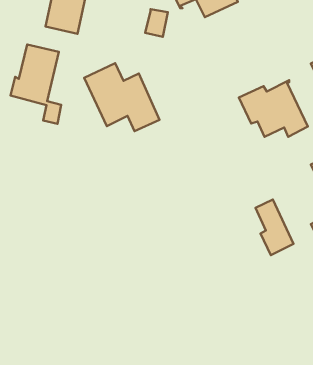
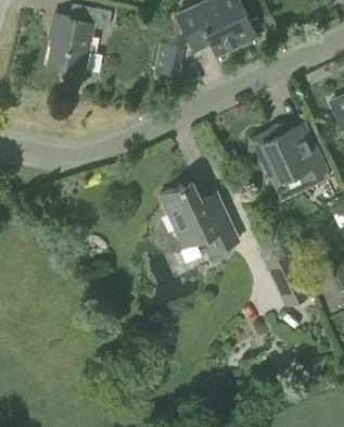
building: [10,45,61,124] -> none
building: [84,63,159,131] -> [160,180,239,252]

